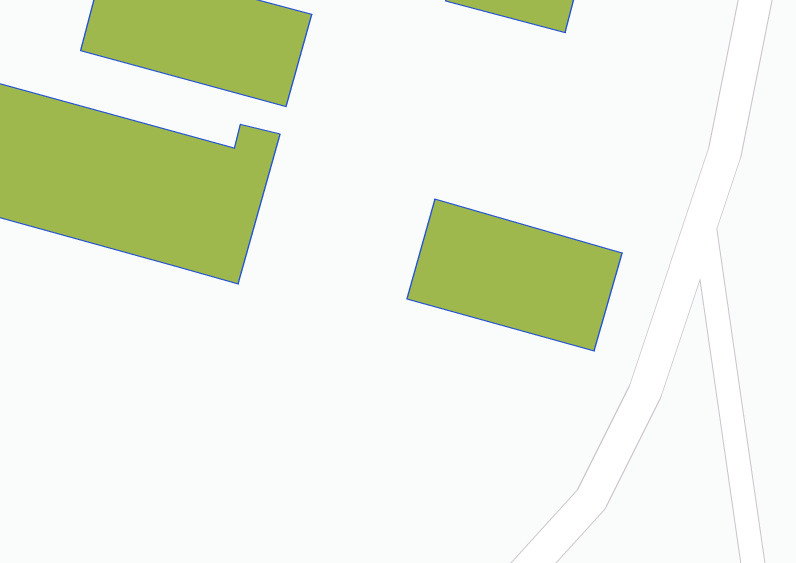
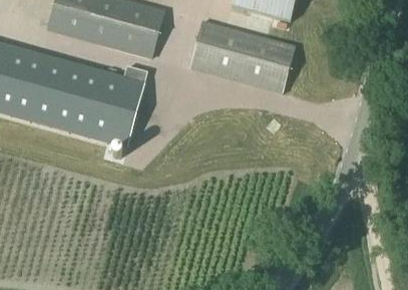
building: [407,199,622,351] -> [188,18,297,94]

